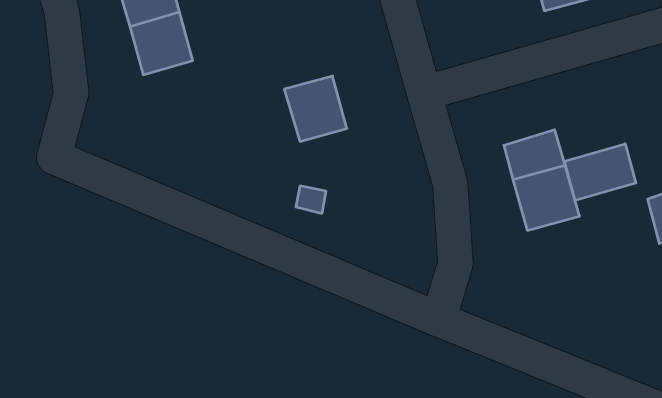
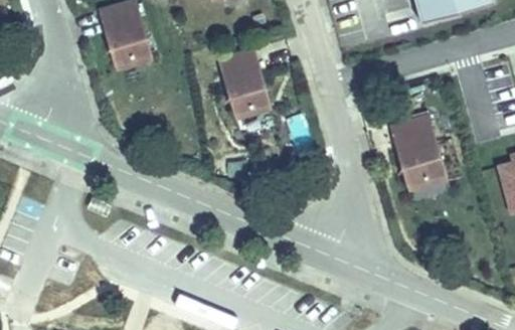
building: none -> [214,46,259,81]
building: [564,144,636,201] -> none

